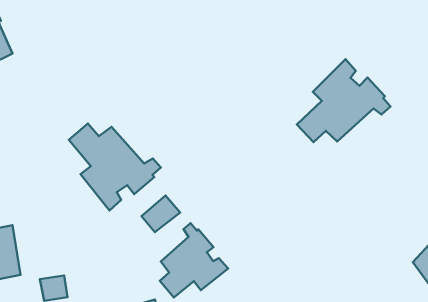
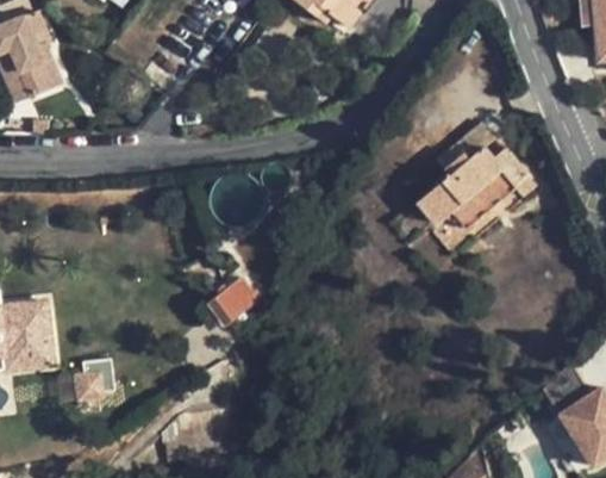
building: [69,124,161,210] -> none
building: [160,223,228,298] -> none

